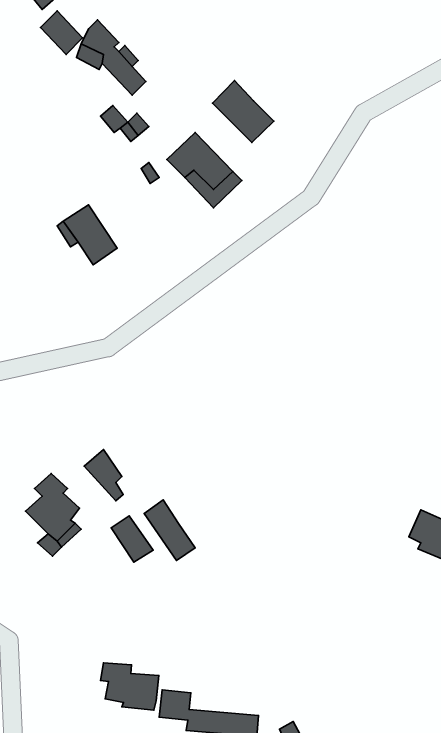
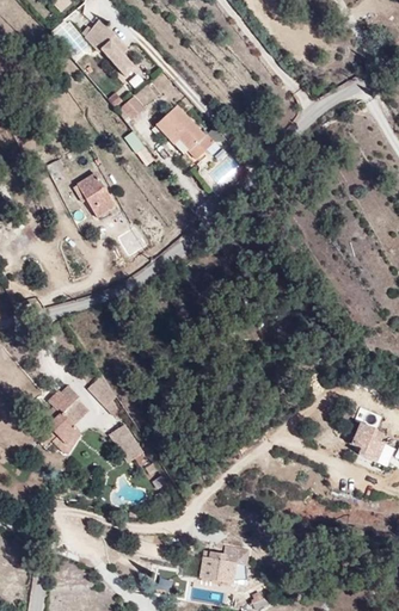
building: [212,80,274,142] -> none
building: [144,500,195,560] -> none
building: [100,663,159,710] -> none
building: none -> [200,536,248,573]

